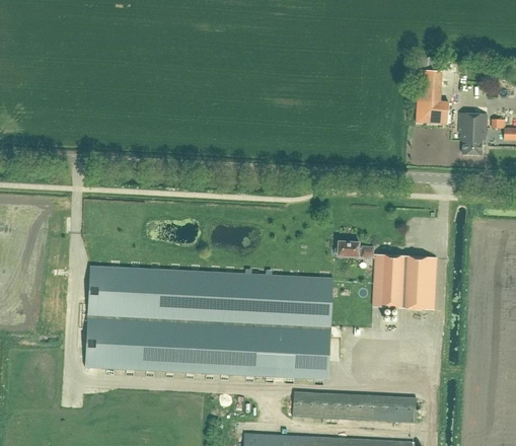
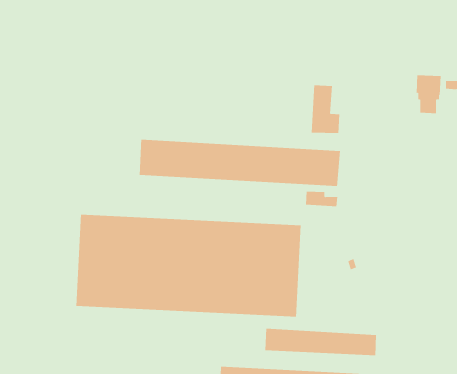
building: [416,71,448,125] -> [311,85,340,134]
building: none -> [139,139,340,187]
building: [371,253,436,309] -> none

